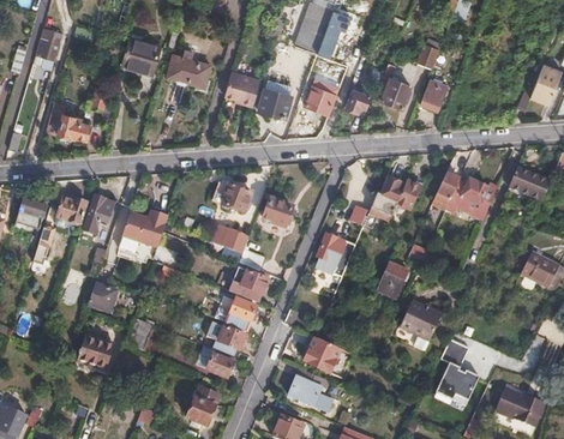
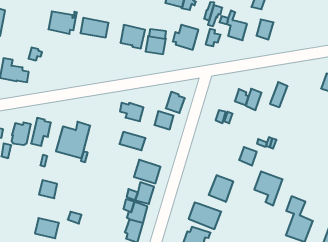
building: [445,179,497,218] -> none
building: [316,233,344,264] -> [166,92,185,113]
building: none -> [209,175,233,202]

